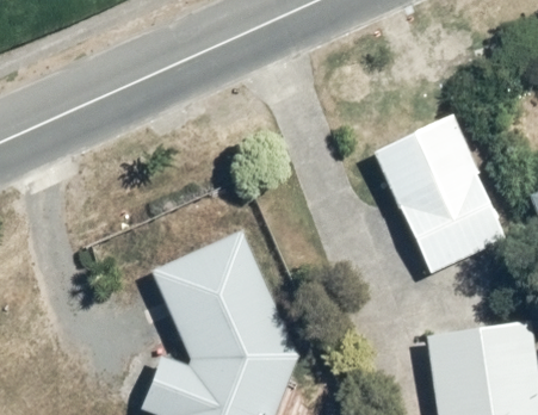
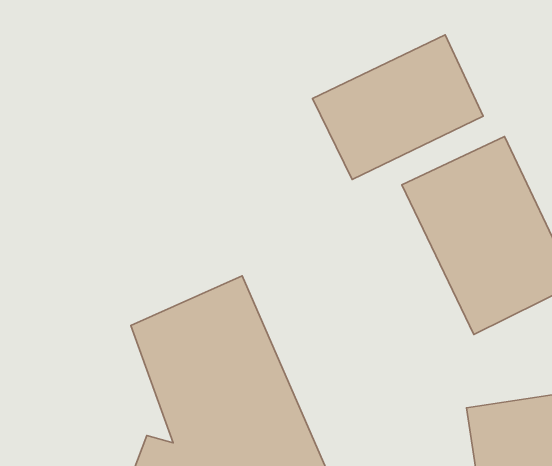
building: none -> [312,35,483,180]

